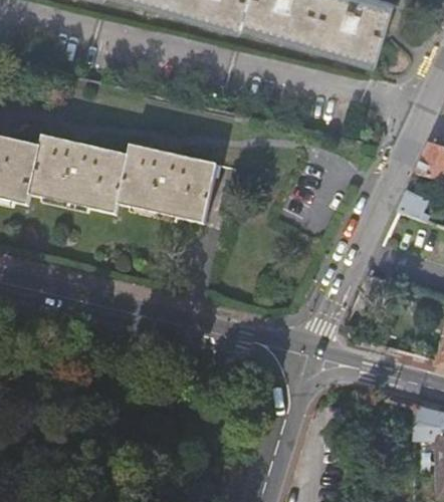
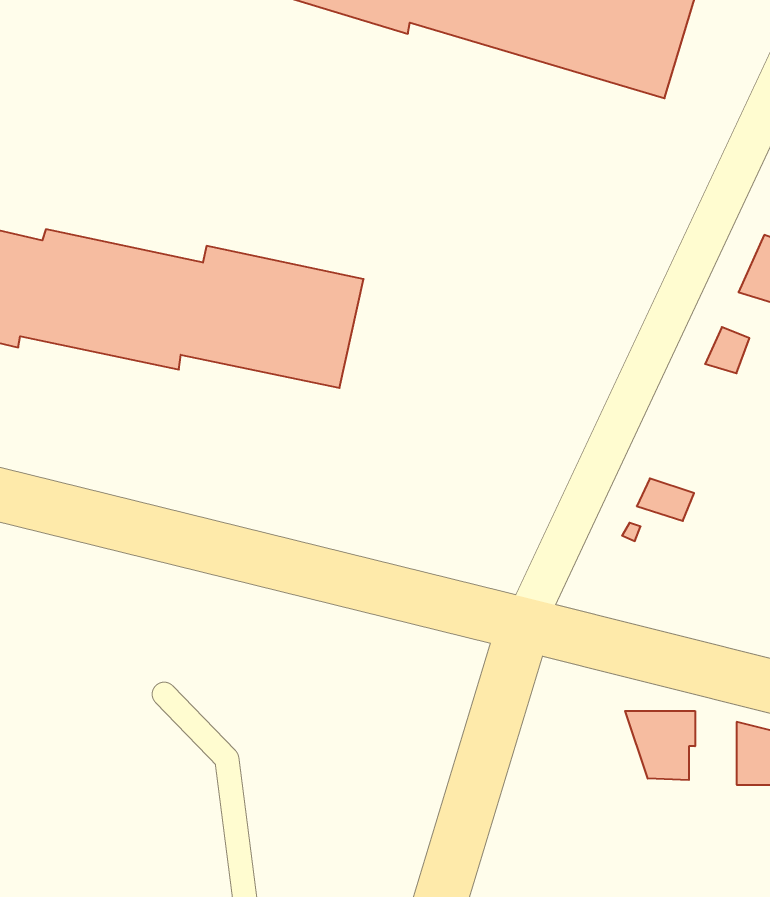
building: none -> [625,711,695,780]

